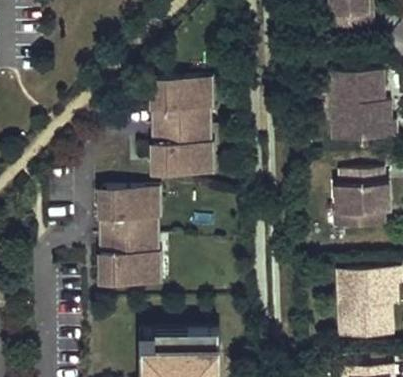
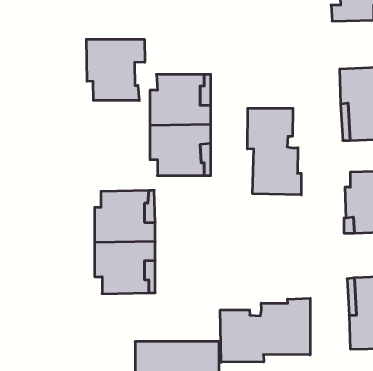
building: none -> [86,39,145,101]
building: none -> [247,108,301,195]
building: none -> [220,298,310,362]

